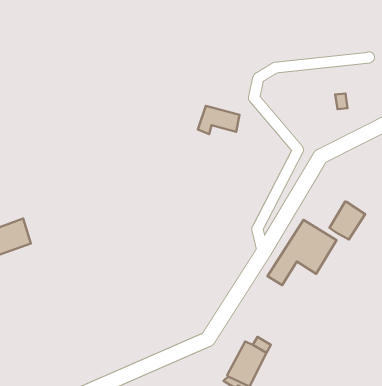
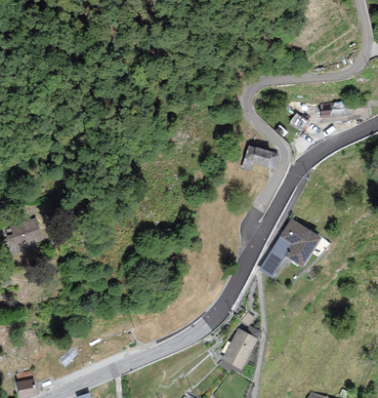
building: [198,106,240,134] -> [241,146,279,171]
building: [330,201,365,240] -> none

